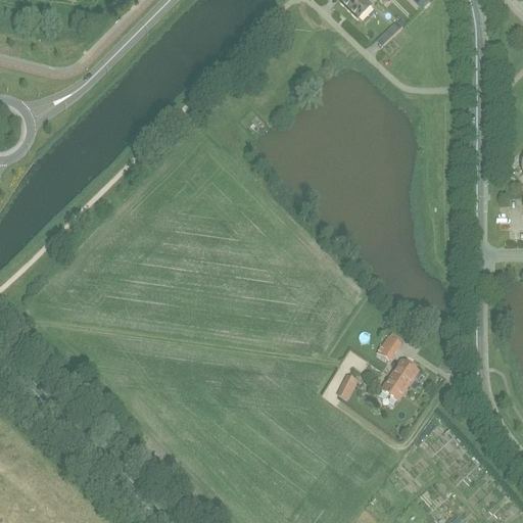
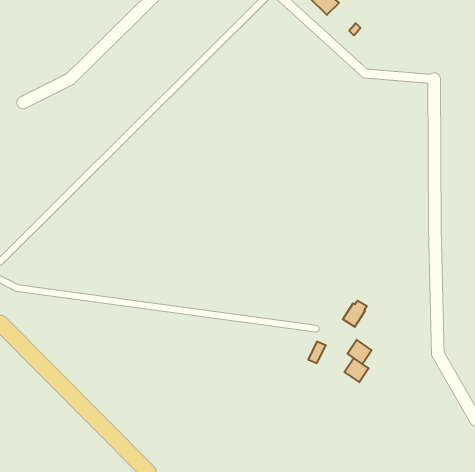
building: [392,358,419,384] -> [344,358,369,382]

